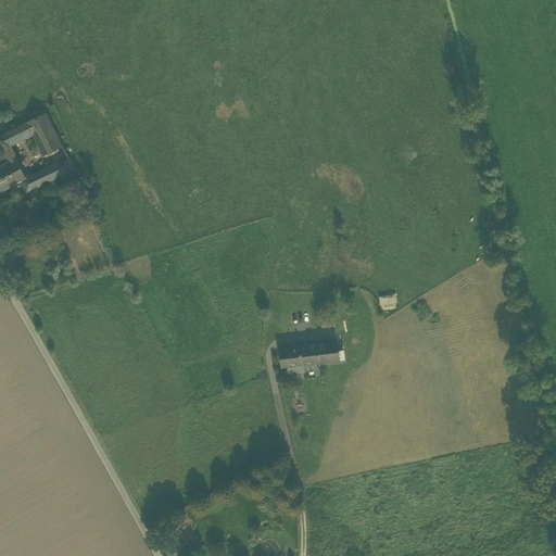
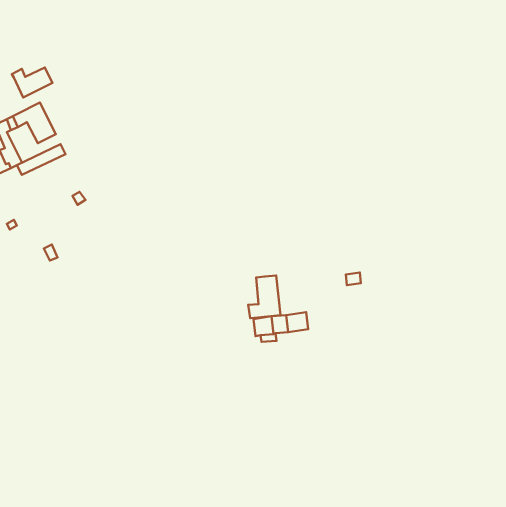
building: none -> [12,68,52,98]
building: none -> [248,275,281,318]

